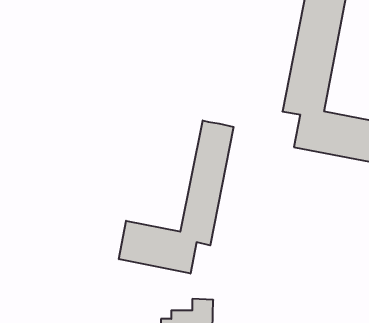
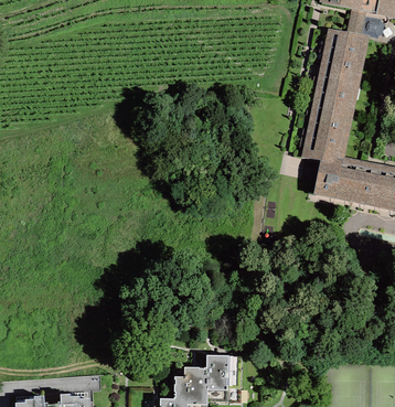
building: [119,120,234,274] -> none

